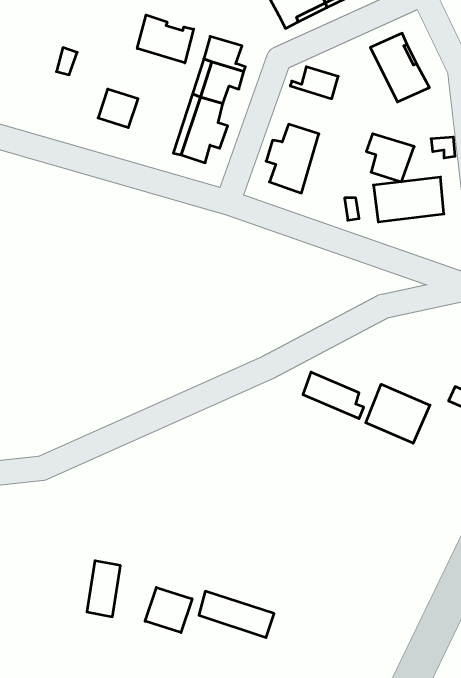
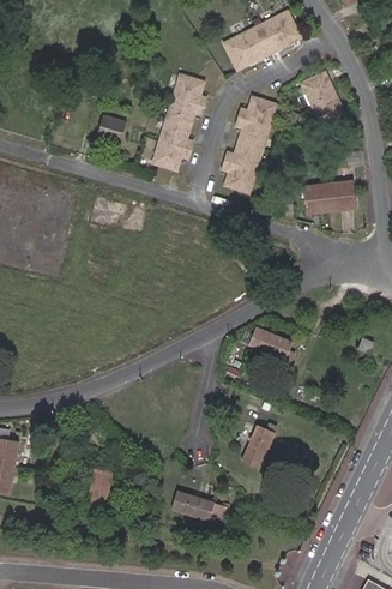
building: [137,15,194,63] -> none
building: [366,134,414,182] -> [235,112,271,148]
building: [366,384,430,443] -> none
building: none -> [242,426,273,467]
building: [145,587,192,633] -> none

